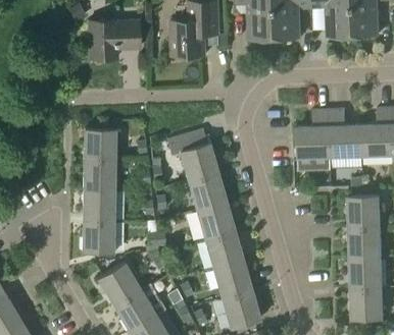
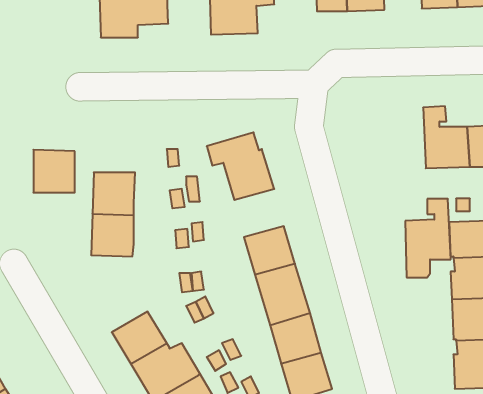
building: [297,112,331,170] -> [405,199,451,277]
building: [85,128,115,160] -> [33,150,75,193]
building: [189,172,226,208] -> none
building: [83,221,113,253] -> none

